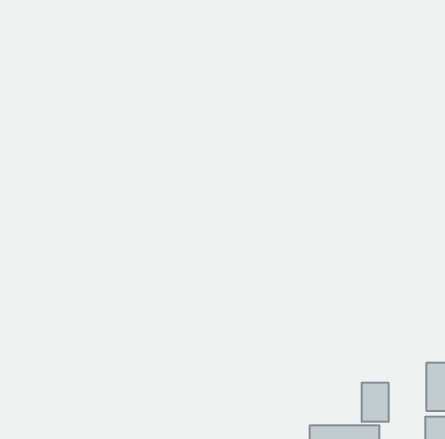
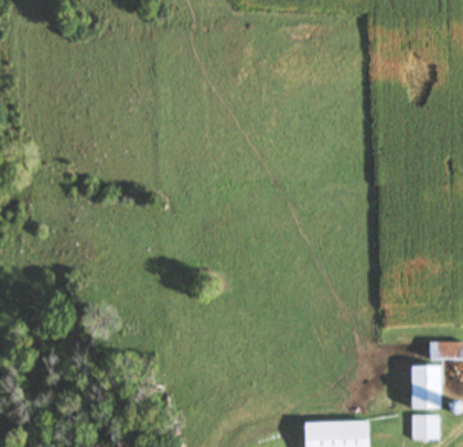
building: [362,383,388,422] -> none

